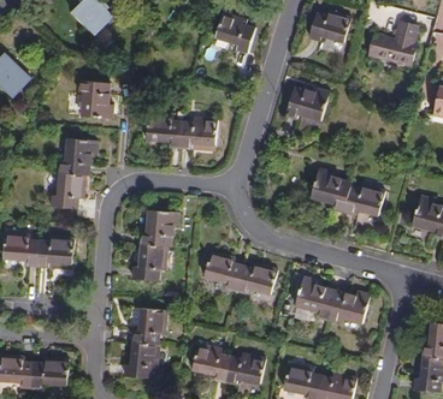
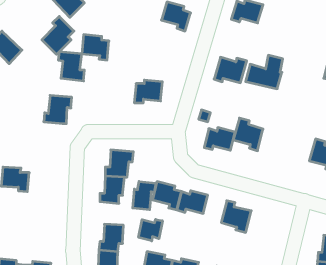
building: [367,22,417,66] -> [246,55,283,89]
building: none -> [42,16,74,54]
building: [146,114,182,148] -> [82,35,109,60]
building: [52,173,84,209] -> none
building: [343,185,384,215] -> [204,128,235,150]
building: [37,237,75,267] -> none
building: none -> [133,181,156,210]
building: [327,291,370,324] -> none
building: none -> [139,219,162,241]

